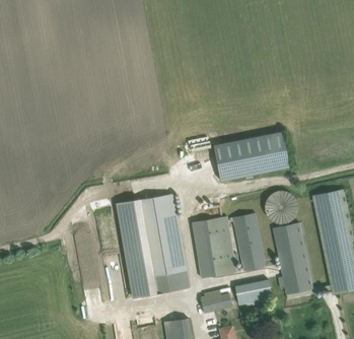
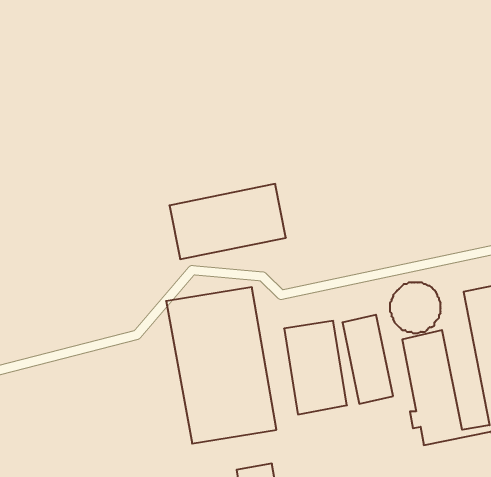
building: [212,131,289,181] -> [169,184,286,259]
building: [234,279,272,304] -> none
building: [200,289,231,312] -> none

